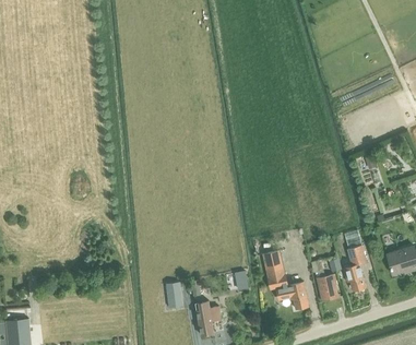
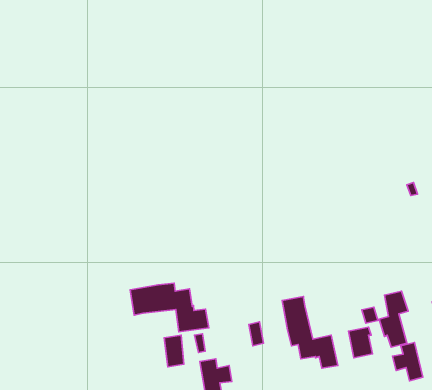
building: none -> [130,283,209,332]
building: none -> [393,343,423,381]

